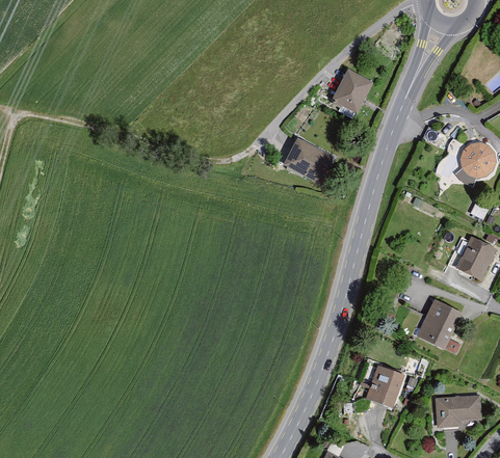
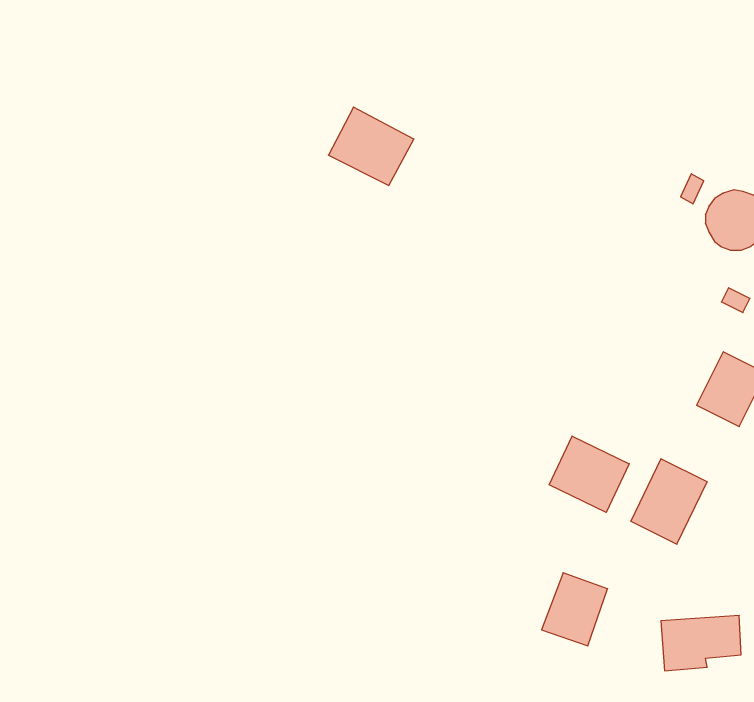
building: [332,70,373,113] -> none
building: [283,138,333,184] -> [328,107,414,185]
building: none -> [549,436,629,512]

